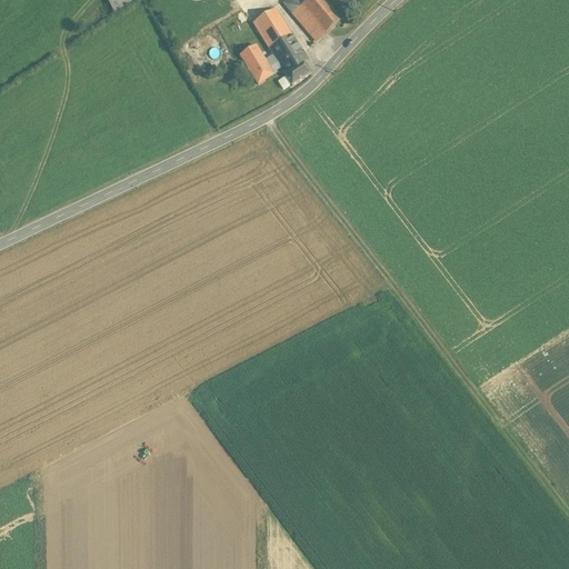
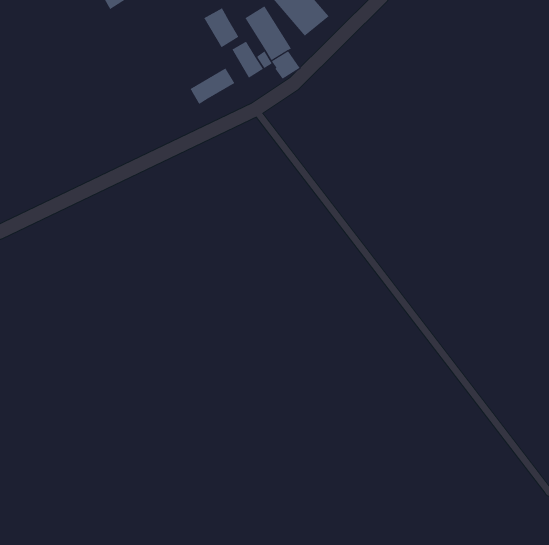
building: none -> [203,7,239,48]
building: none -> [190,67,235,105]

